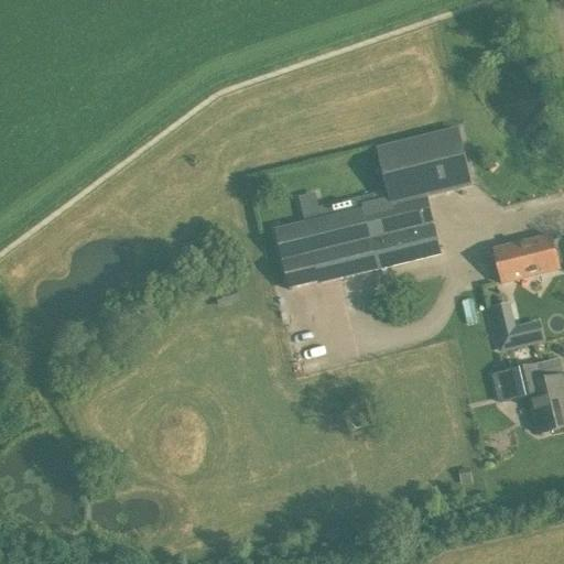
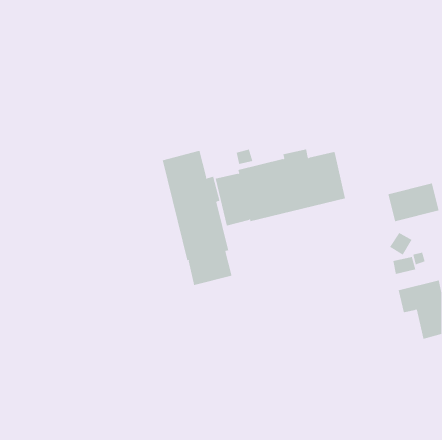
building: [379,129,467,200] -> none
building: none -> [162,150,232,286]

